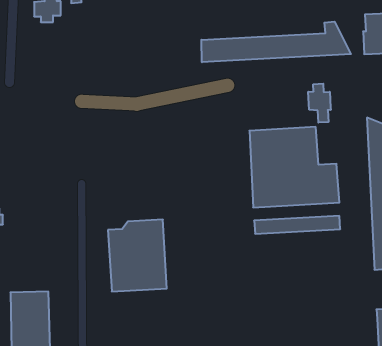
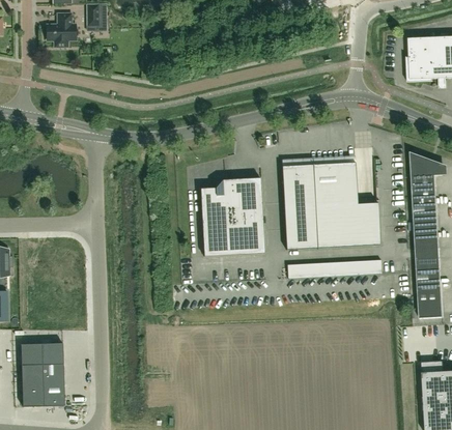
building: [201,22,351,62] -> none
building: [308,84,331,123] -> none
building: [108,220,167,291] -> [200,176,264,255]

